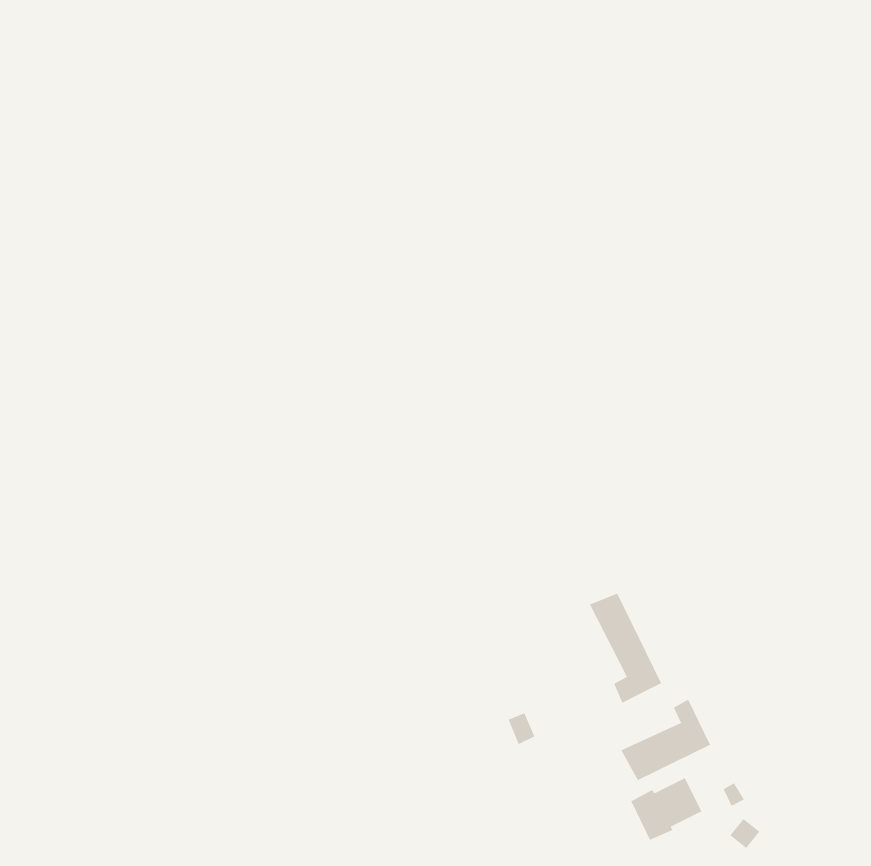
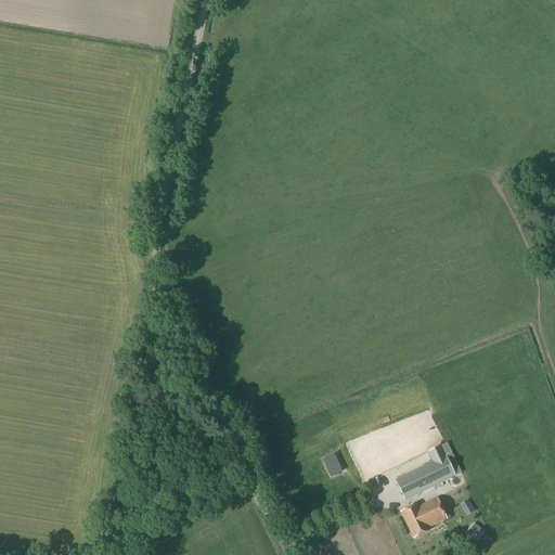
building: [589,593,662,703] -> none

